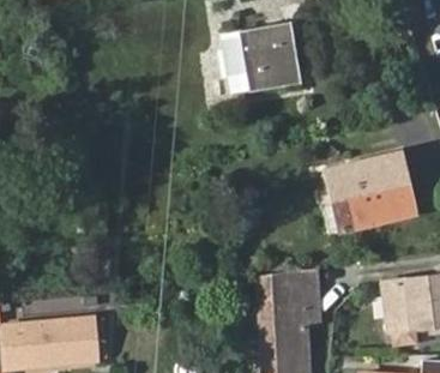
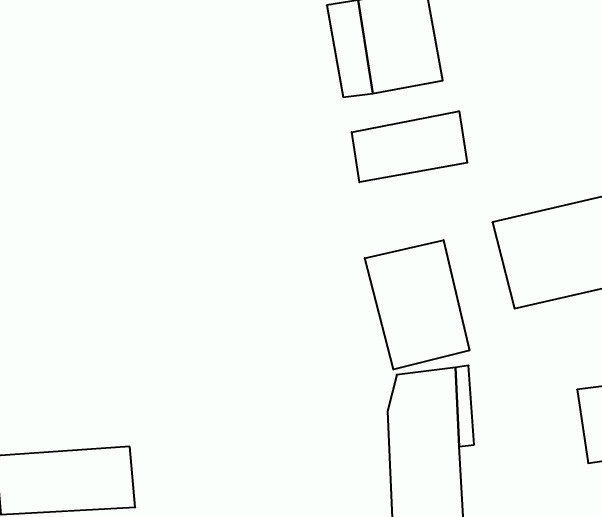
building: none -> [352,111,467,182]
building: none -> [365,240,469,370]

